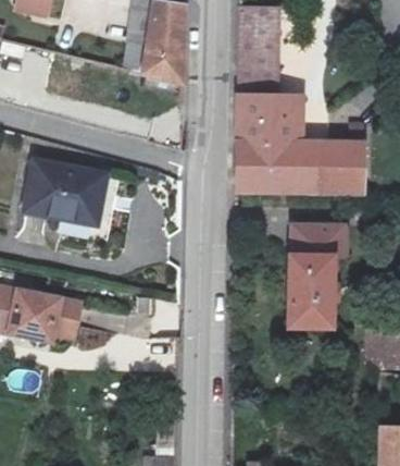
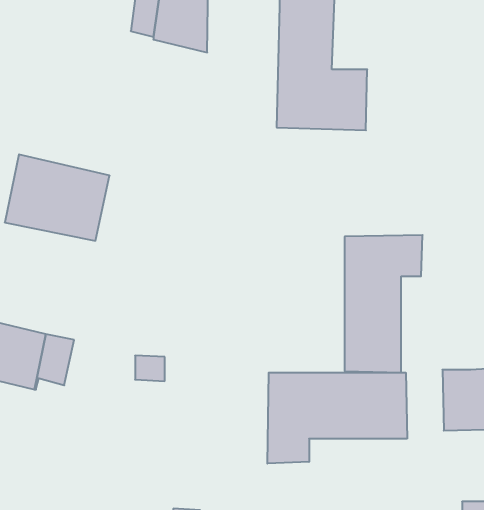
building: [235,139,365,200] -> none
building: none -> [267,373,407,464]

